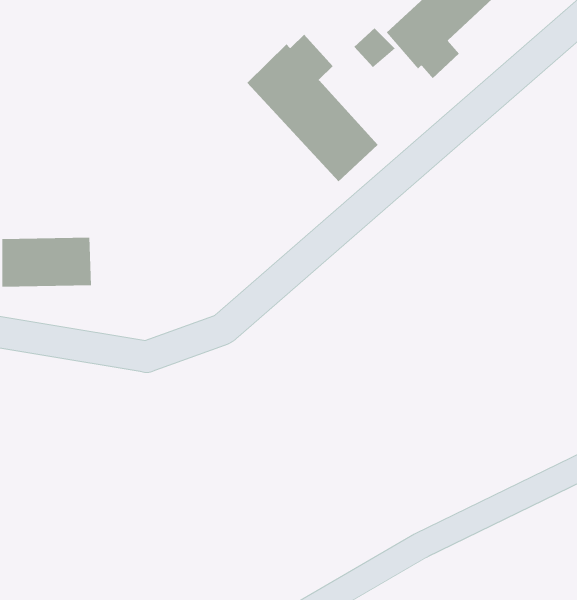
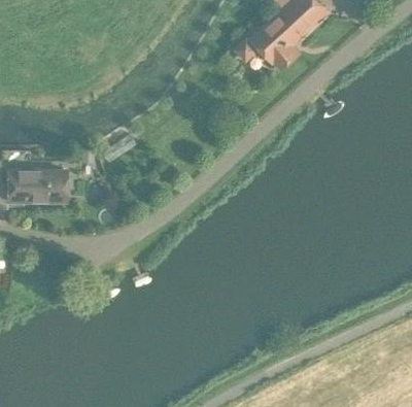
building: [247,34,378,182] -> none

